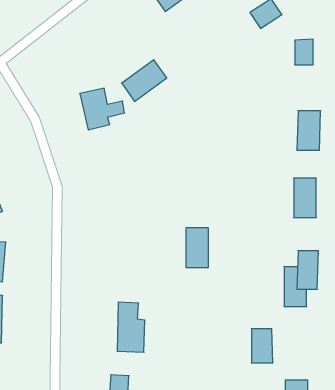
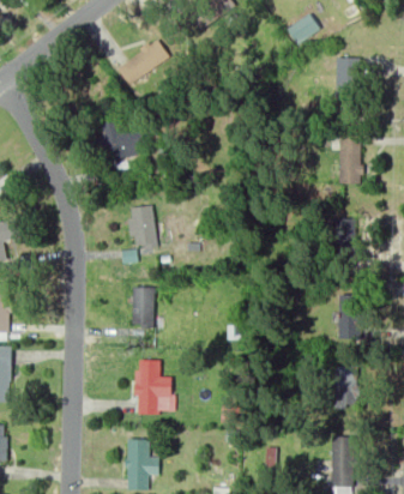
building: [122,60,167,101] -> [123,34,174,80]
building: none -> [127,207,158,255]
building: [186,228,208,267] -> [129,288,155,332]
building: [251,329,273,363] -> [334,369,358,408]

